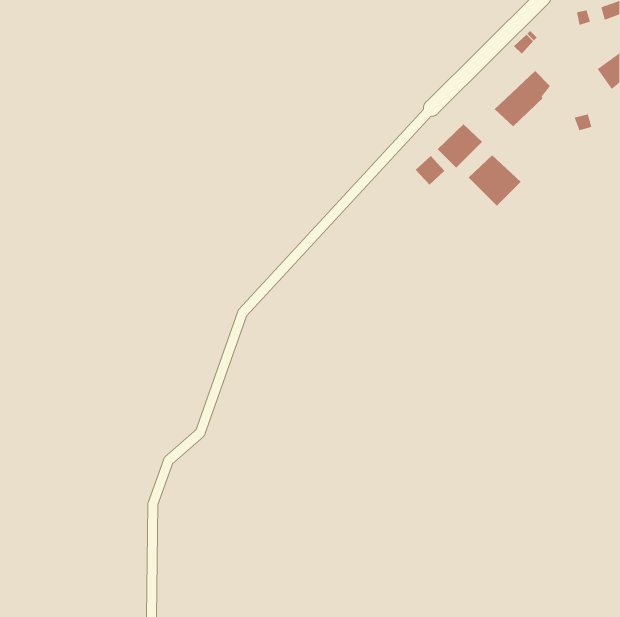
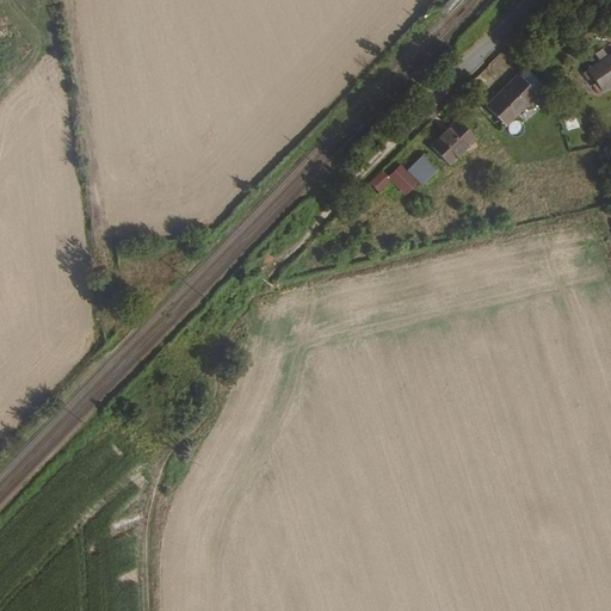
building: [468,154,521,207] -> none
building: none -> [369,161,420,193]

